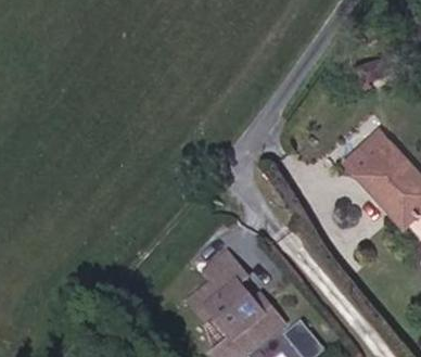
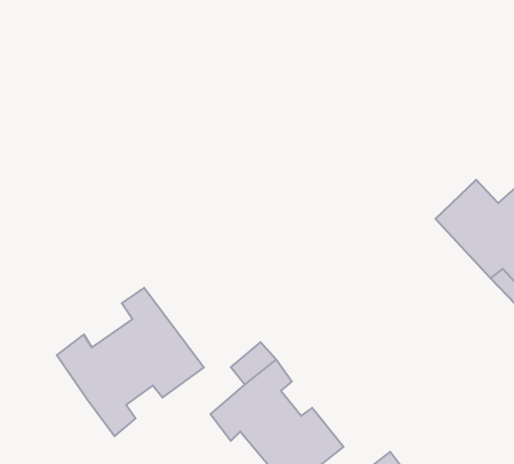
building: none -> [57,288,204,436]

